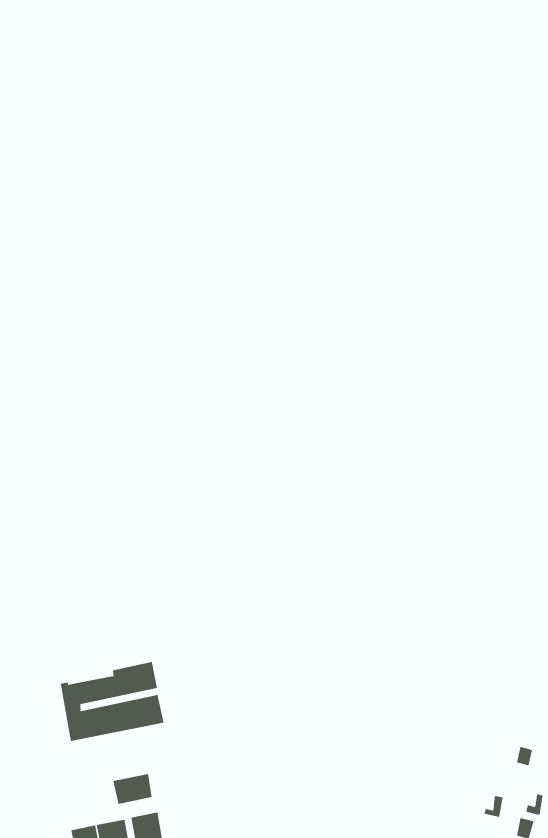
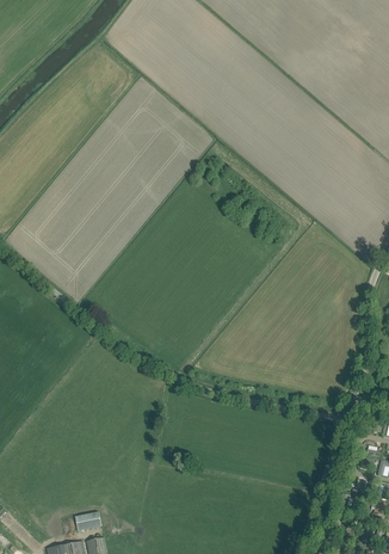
building: [60,661,164,742] -> none

